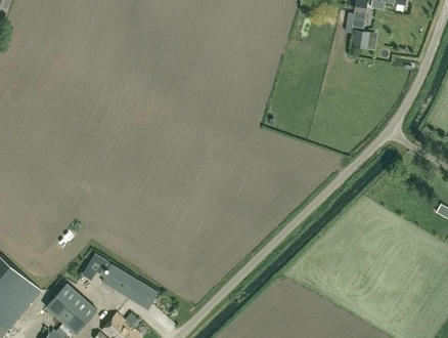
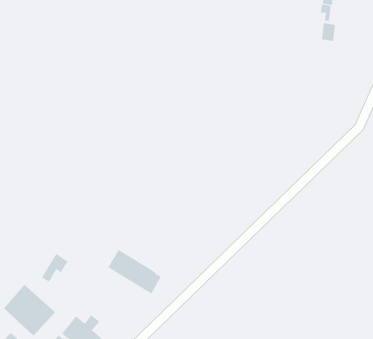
building: [102,264,154,307] -> [108,249,161,294]

